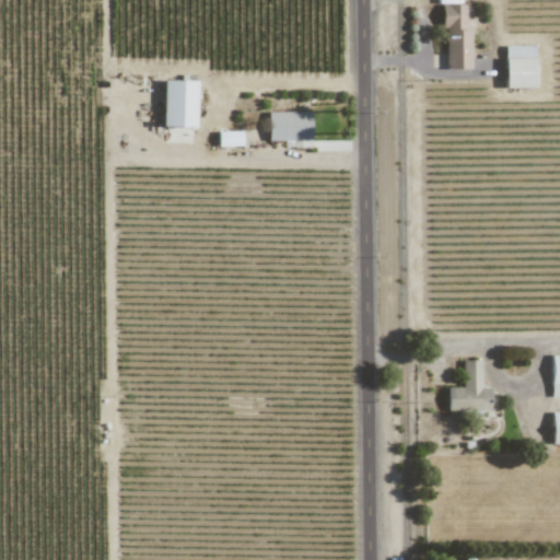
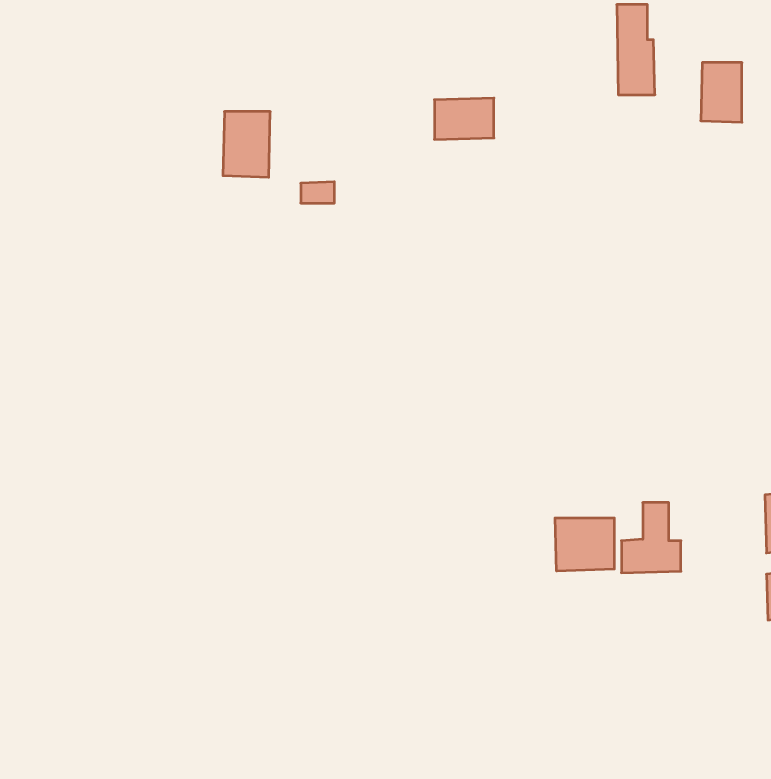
building: [272,112,315,141] -> [434,98,494,139]
building: none -> [555,518,614,571]

